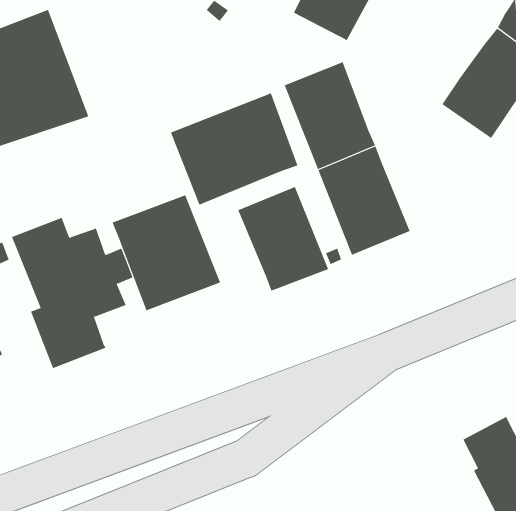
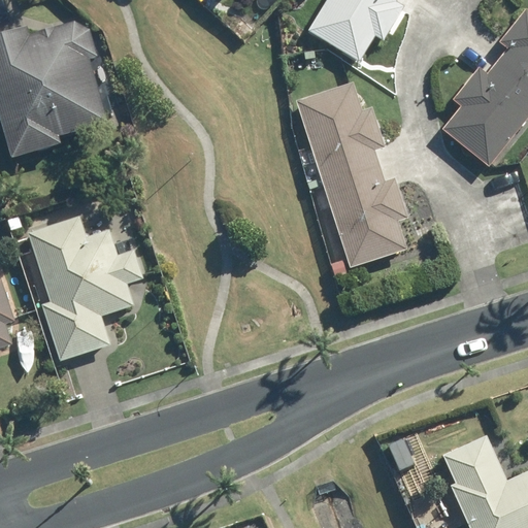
building: [170,92,298,205] -> none
building: [237,186,329,291] -> none
building: [112,194,221,311] -> none

